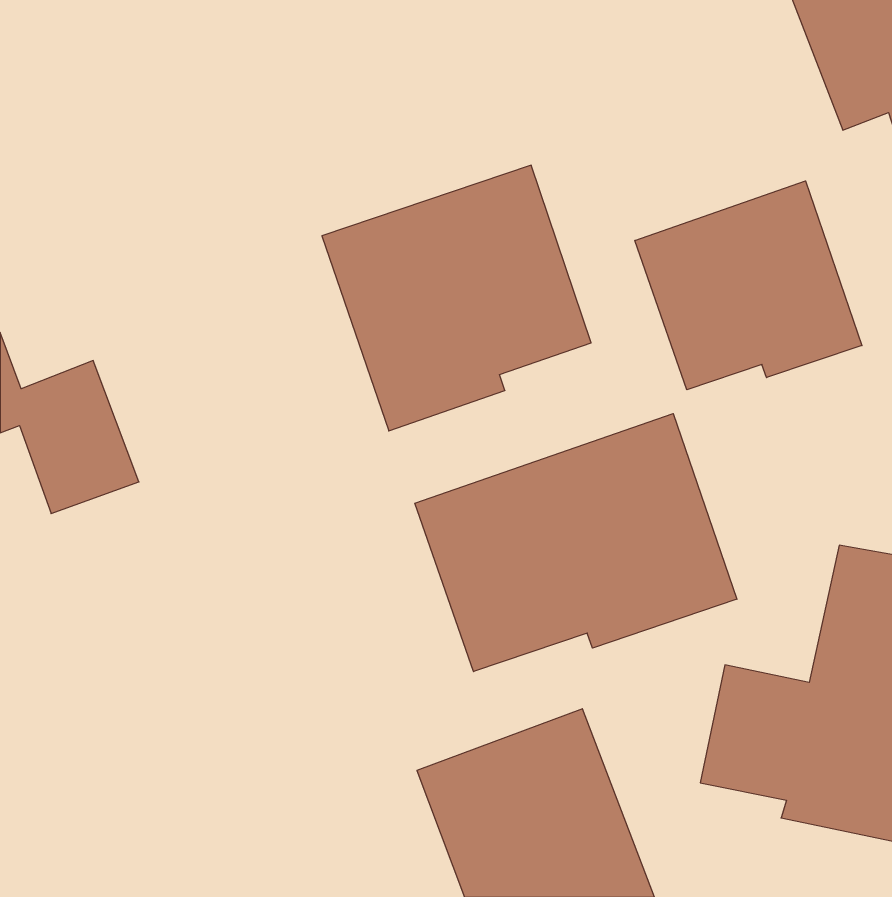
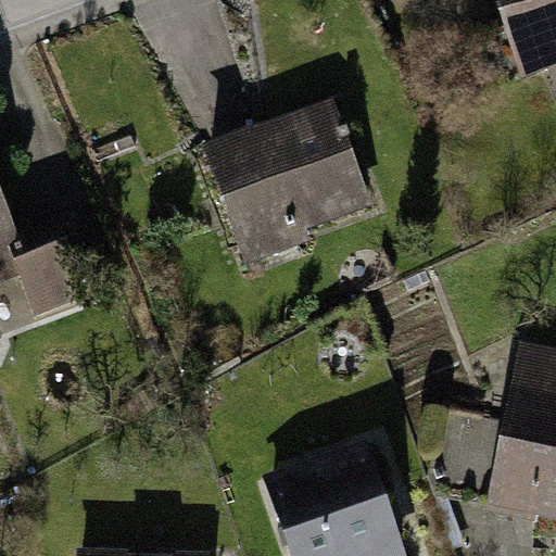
building: [635,181,862,390] -> none
building: [415,414,737,672] -> none

